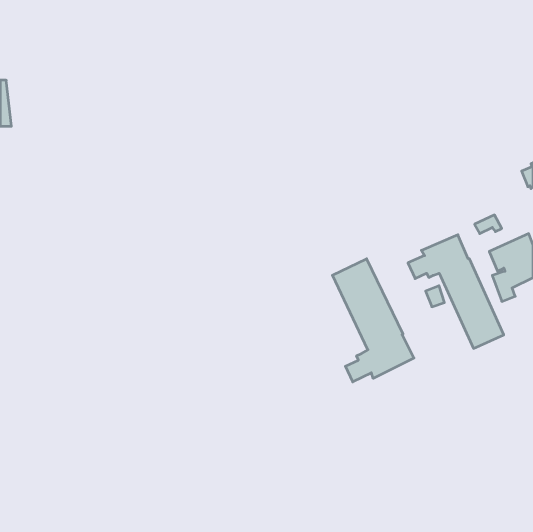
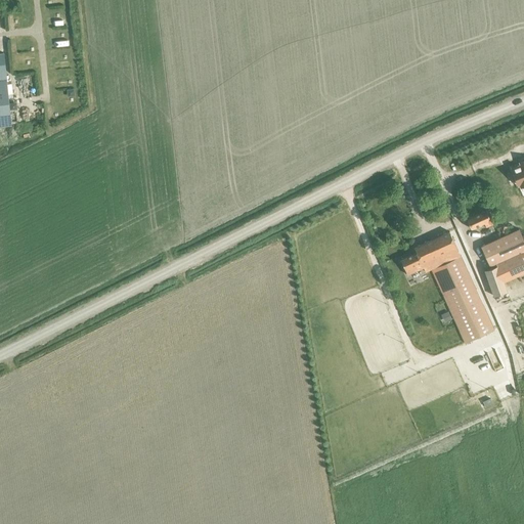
building: [332,259,414,382] -> none

